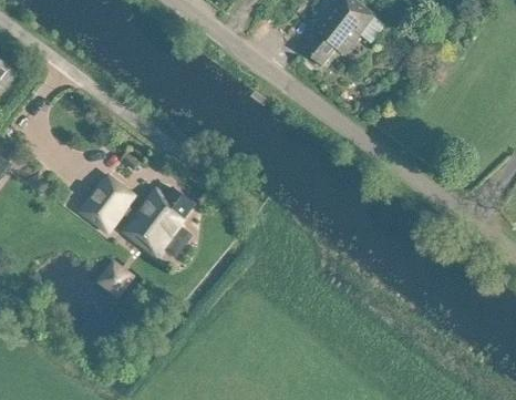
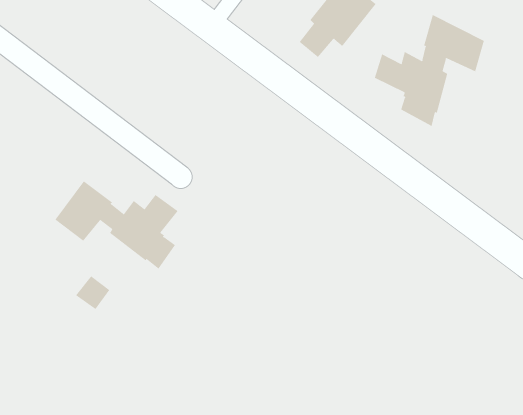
building: none -> [374,14,484,127]

